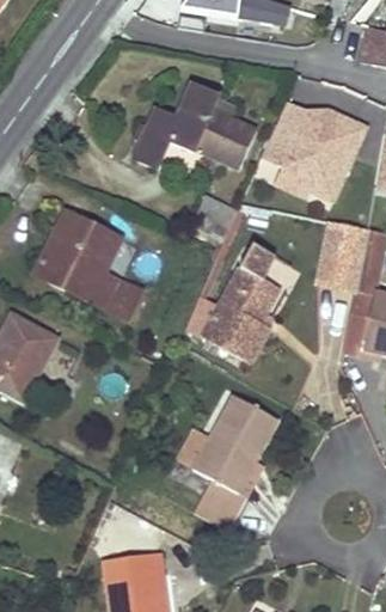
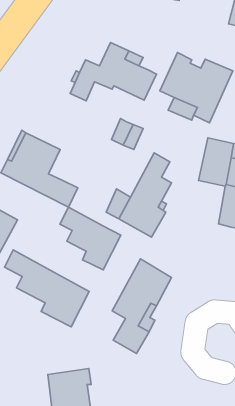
building: none -> [60,207,121,270]
building: none -> [4,250,89,327]

